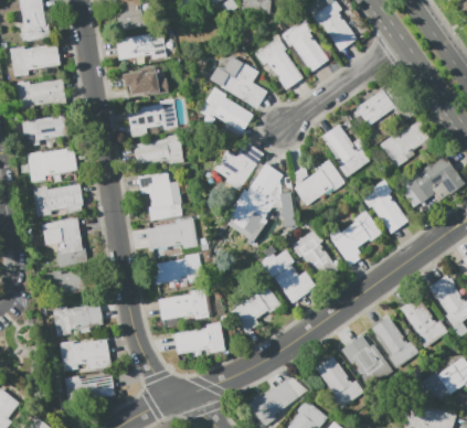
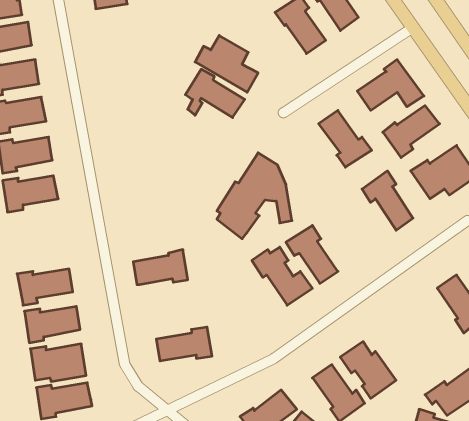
building: [116,29,167,60] -> none
building: [257,36,303,90] -> none
building: [124,71,169,96] -> none
building: [128,99,178,130] -> none
building: [134,133,183,165] -> none
building: [214,143,264,191] -> none
building: [294,159,346,205] -> none
building: [137,172,182,221] -> none
building: [327,210,381,266] -> none
building: [41,217,87,267] -> none
building: [147,218,197,249] -> none
building: [231,285,280,332] -> none
building: [158,289,208,319] -> none
building: [401,296,448,349] -> none
building: [371,317,420,370] -> none

